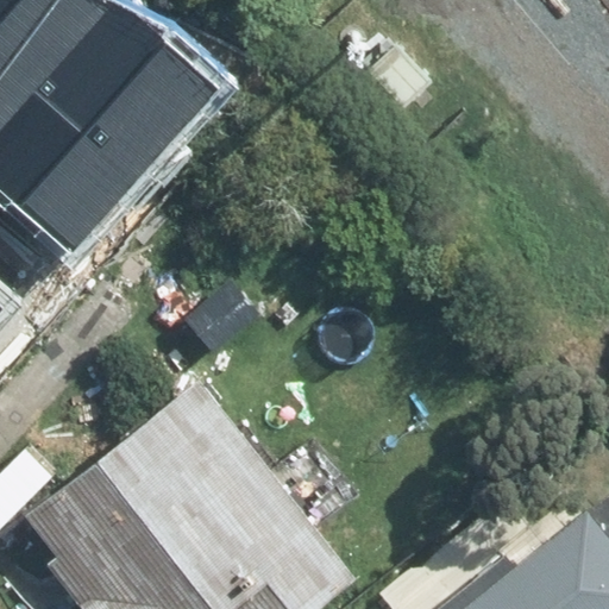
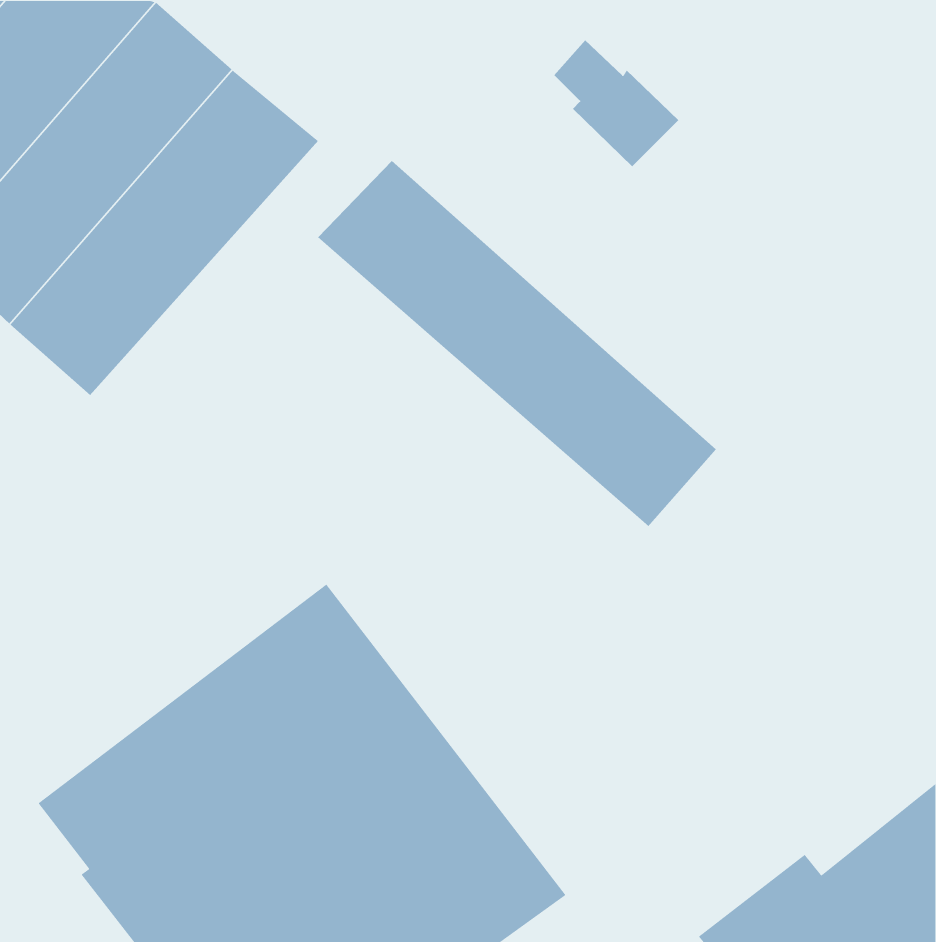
building: none -> [317,160,717,527]

